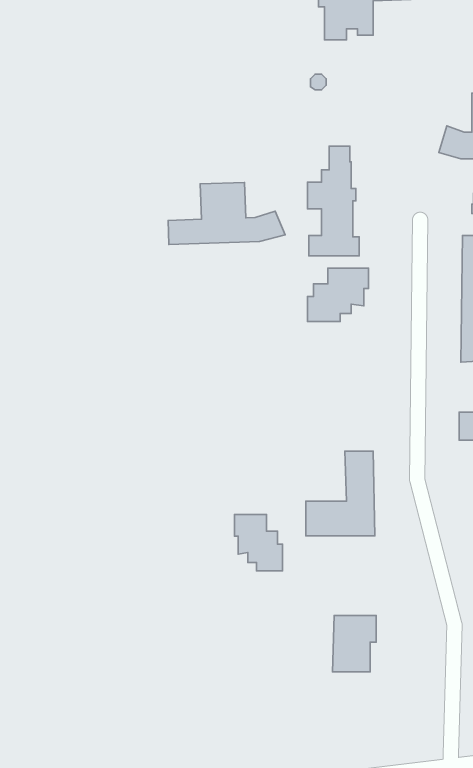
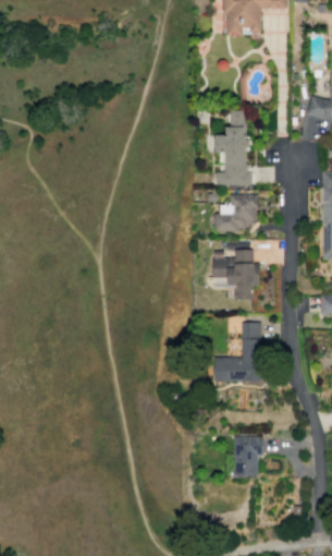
building: [168,182,285,244] -> none
building: none -> [212,250,260,300]
building: [234,514,282,571] -> none

